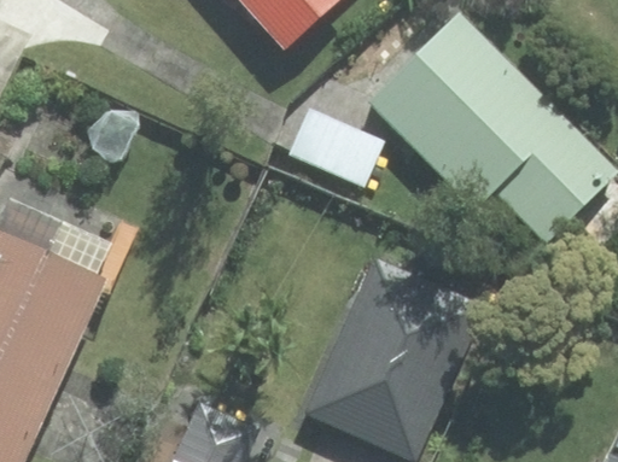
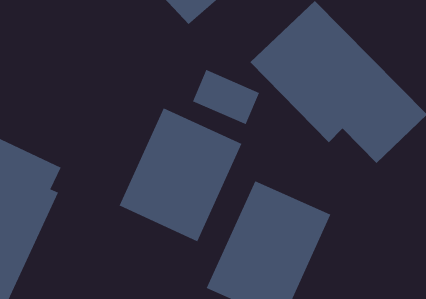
building: none -> [119,108,242,242]

